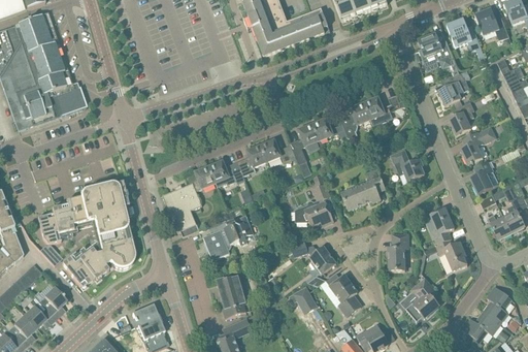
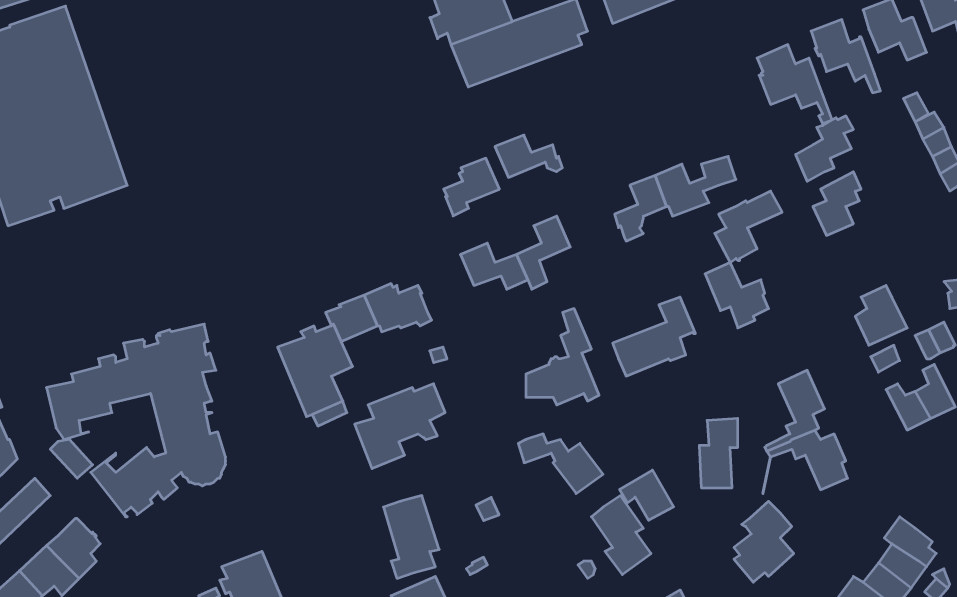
building: [311,118,348,140] -> [495,135,562,177]
building: [460,126,496,164] -> [715,191,782,262]
building: [237,145,267,175] -> [444,158,499,216]
building: [289,285,318,312] -> [620,470,674,520]

